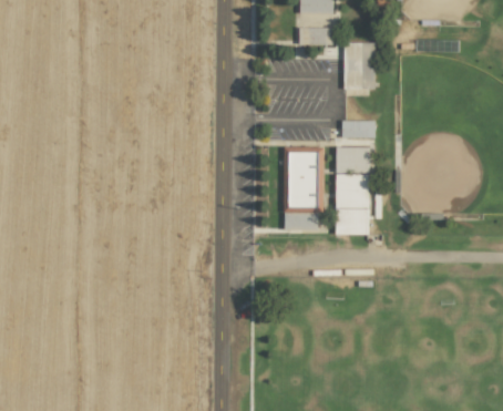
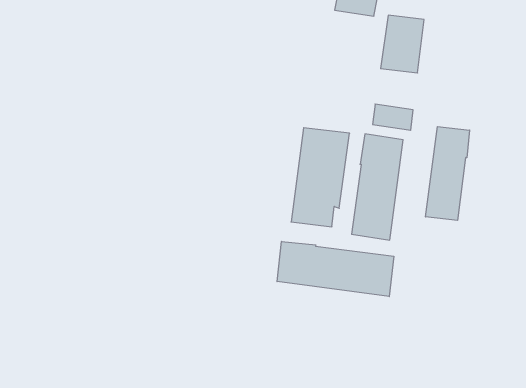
building: none -> [426,127,470,220]
building: none -> [277,241,394,297]

